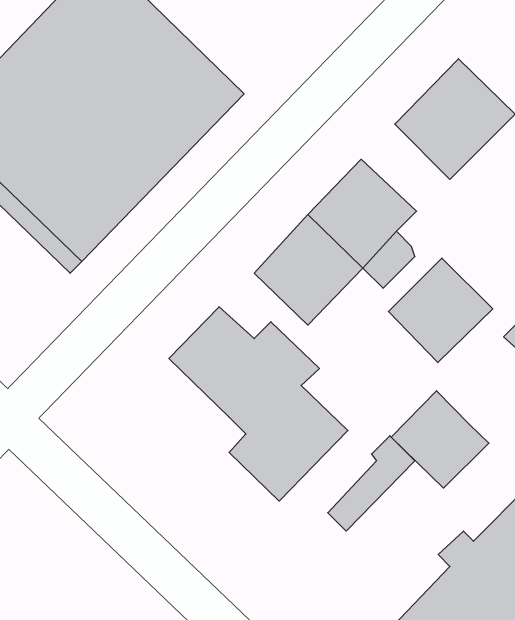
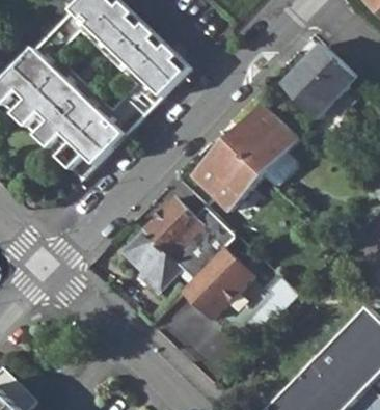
building: [388,258,493,363] -> none
building: none -> [123,230,181,292]
building: [391,391,489,488] -> none

